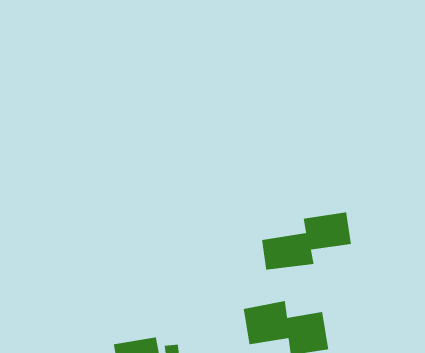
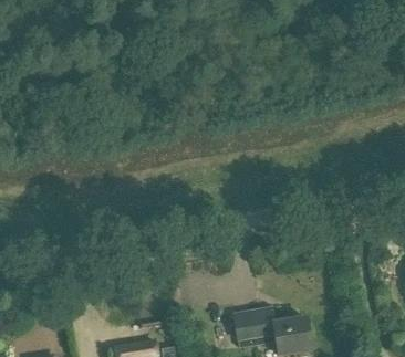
building: [261,211,352,271] -> none

